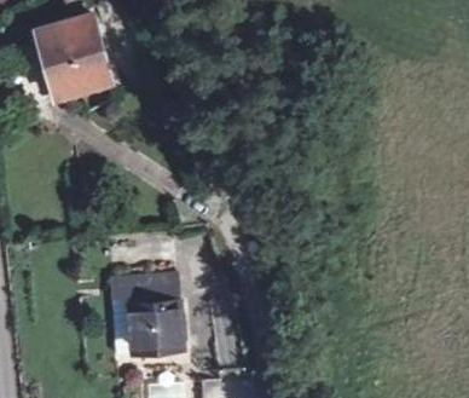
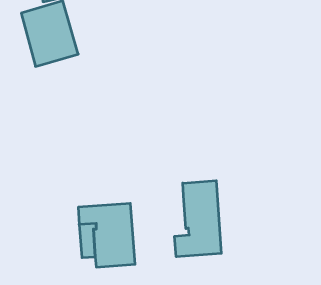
building: none -> [175,181,221,257]

